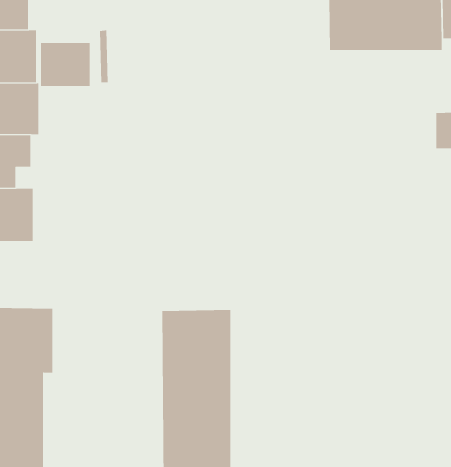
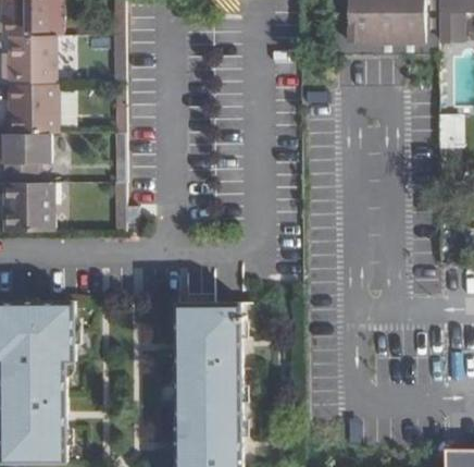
building: [41,42,90,87] -> none

